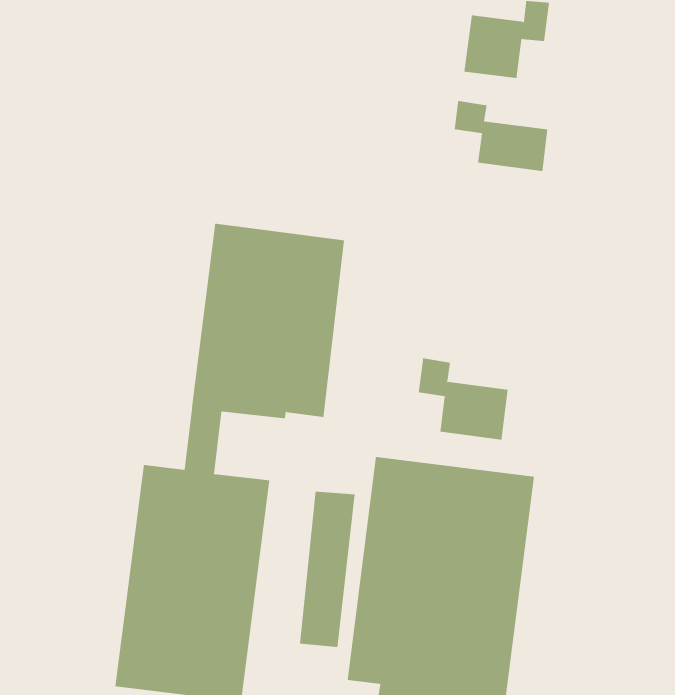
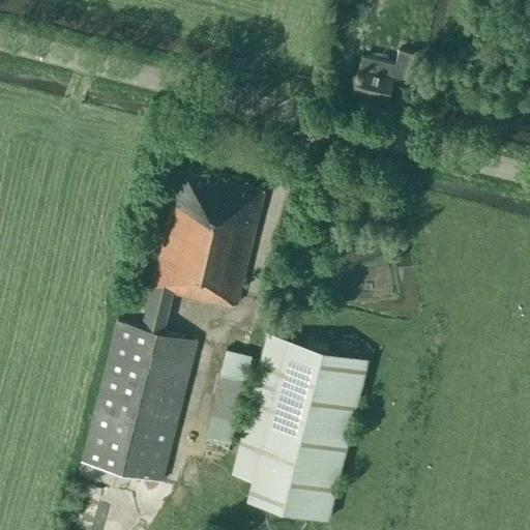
building: [454,100,548,172] -> none
building: [418,358,508,441] -> none

